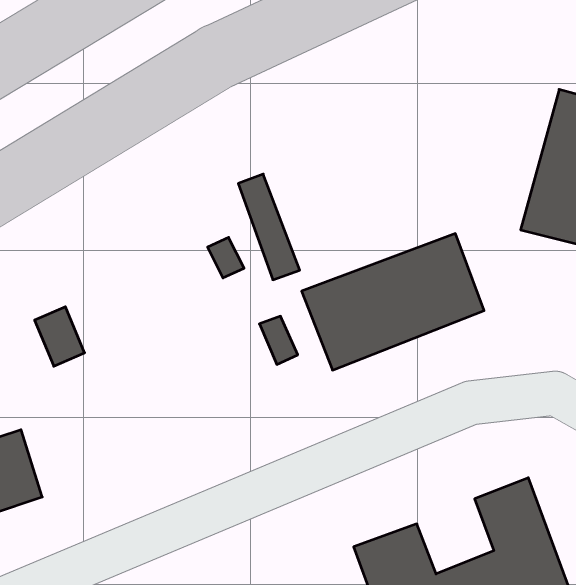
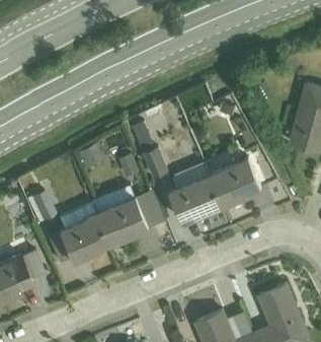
building: none -> [56,191,152,263]

